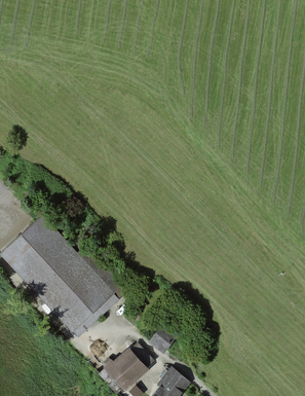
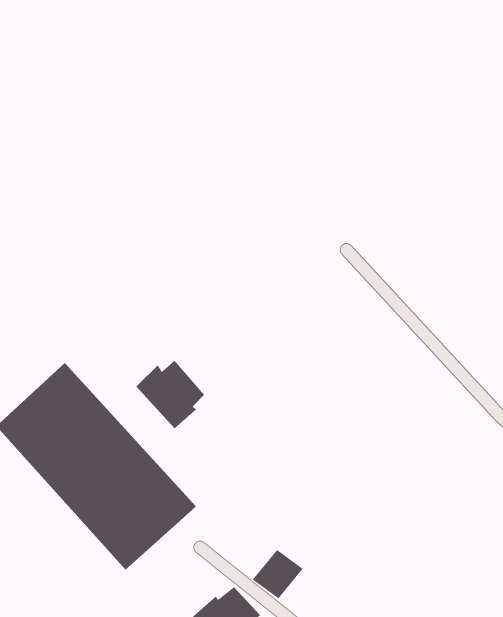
building: none -> [135,360,205,429]

